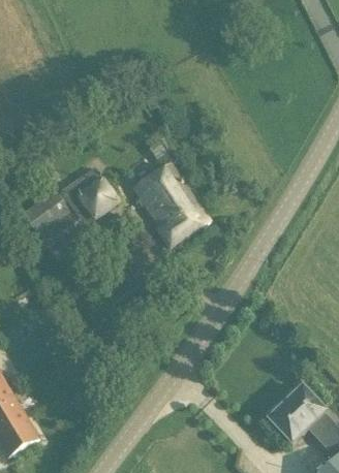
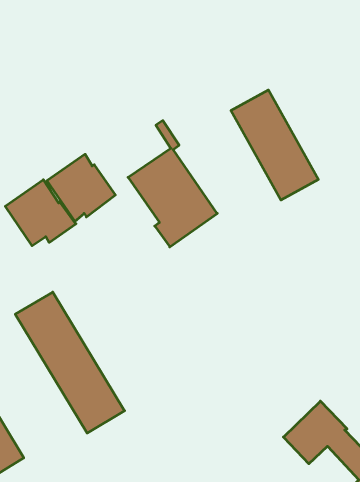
building: none -> [231,90,318,200]
building: none -> [15,292,125,433]

